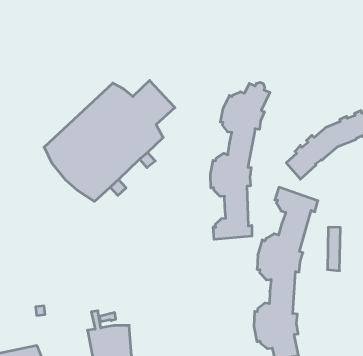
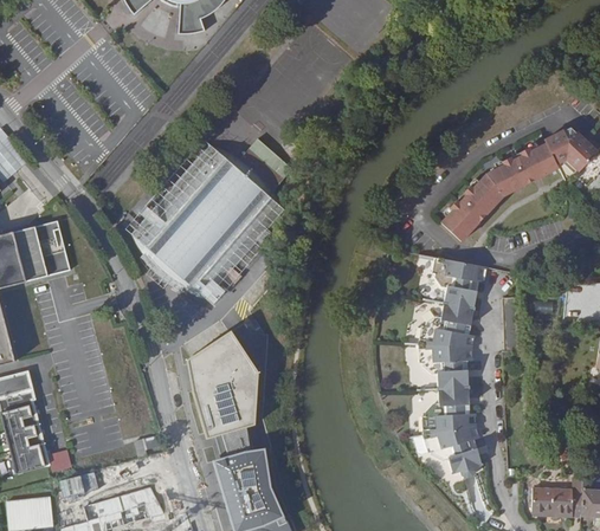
building: [210,82,270,239] -> none
building: none -> [187,330,259,439]

